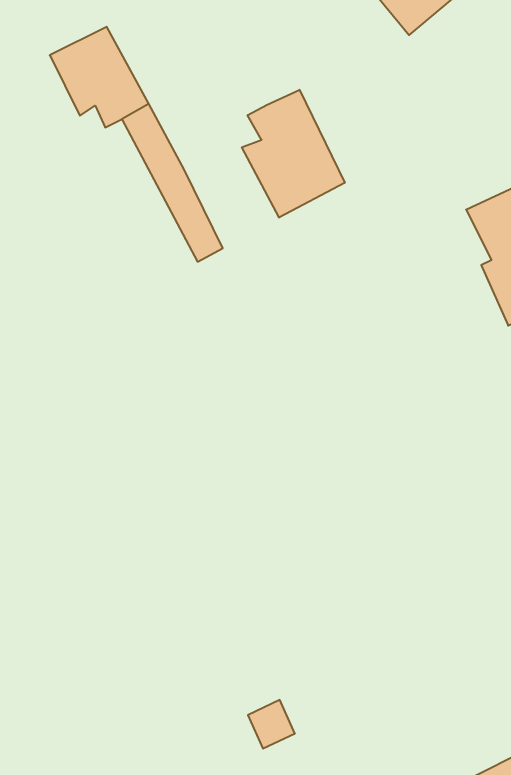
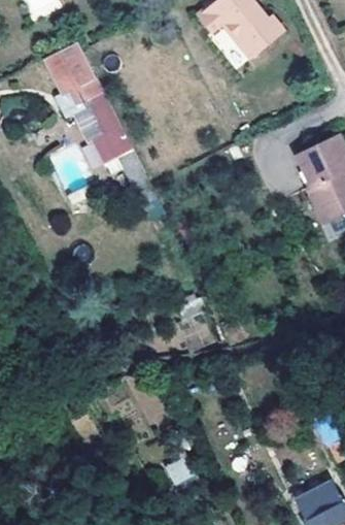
building: [242,90,345,218] -> none

